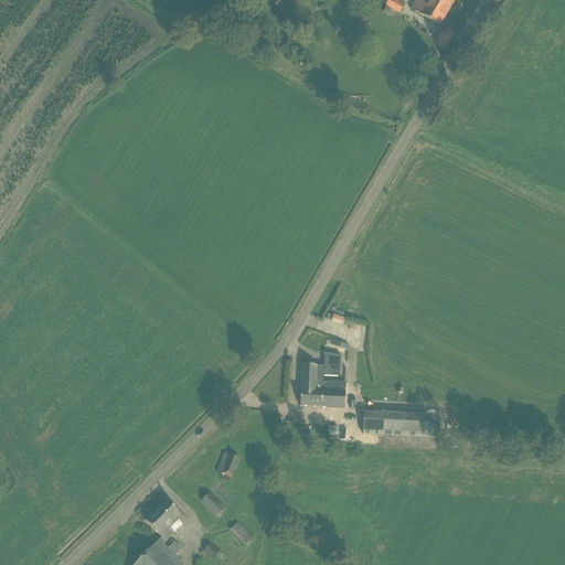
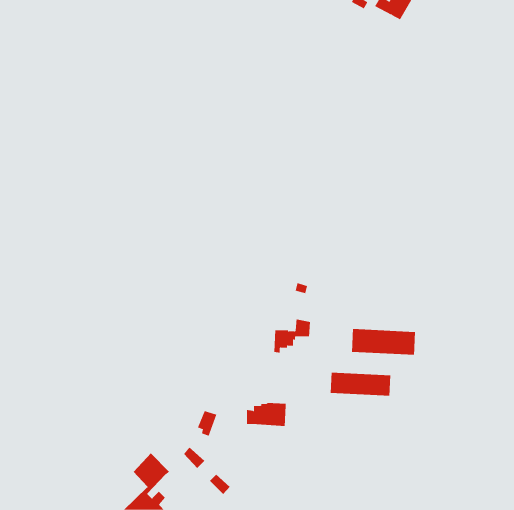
building: none -> [351,328,416,356]
building: [300,379,344,405] -> [246,402,287,427]

